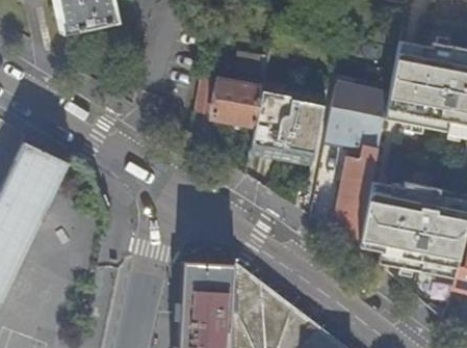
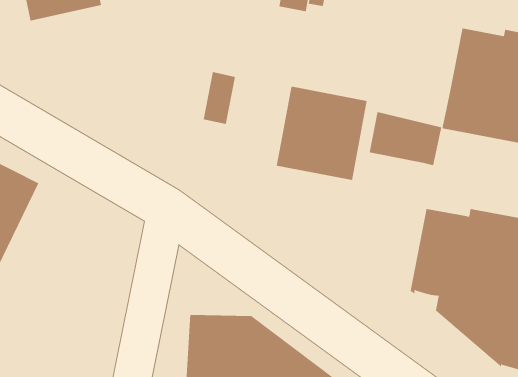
building: [215,79,266,127] -> none
building: [334,83,390,118] -> none
building: [331,146,379,246] -> none

